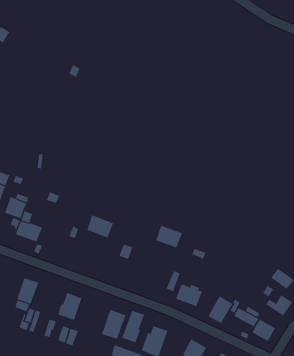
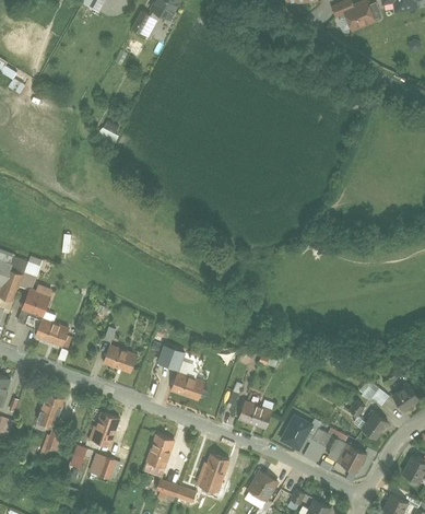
building: [86,215,114,239] -> [103,343,138,374]
building: [155,225,183,248] -> [170,371,205,400]
building: [122,310,145,343] -> none

